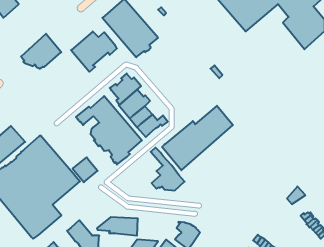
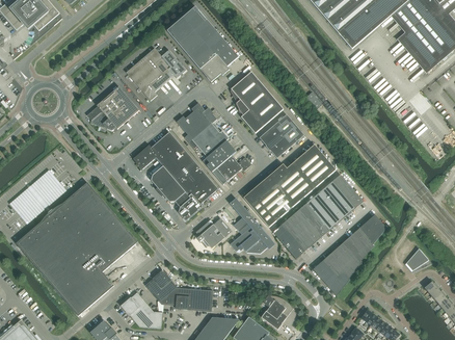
building: [21,34,61,68] -> [86,85,138,130]
building: none -> [231,71,283,132]
building: none -> [259,113,303,157]
building: none -> [272,174,363,258]
building: [73,157,98,182] -> [144,269,177,302]
building: none -> [312,213,385,295]
building: none -> [194,217,232,247]

